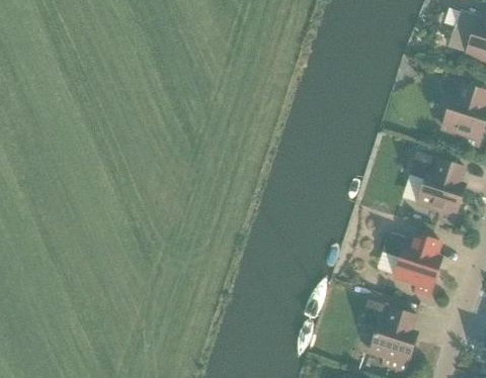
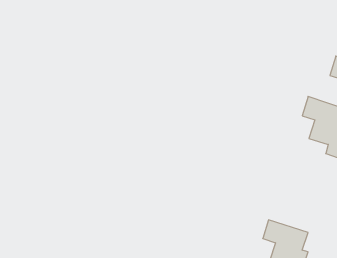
building: [383,233,440,299] -> none

